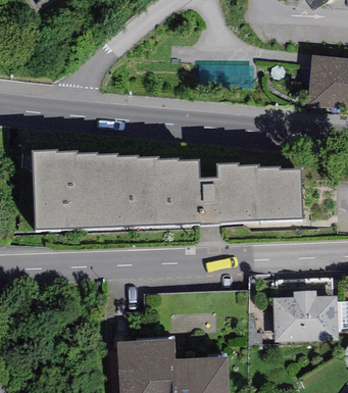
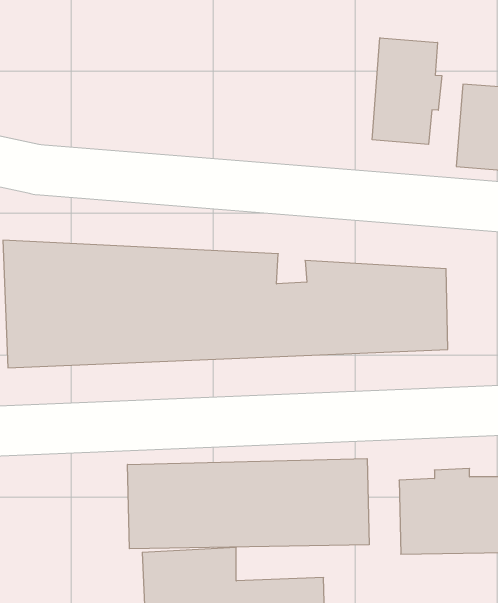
building: none -> [372,38,442,144]
building: none -> [128,459,369,549]

